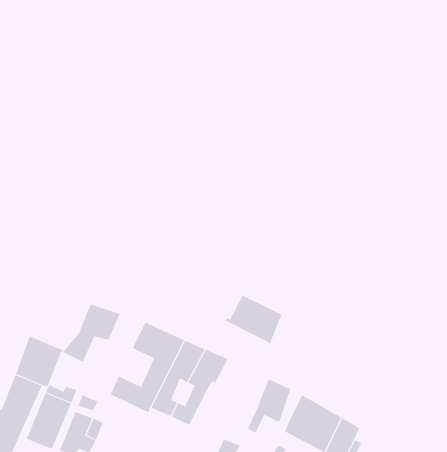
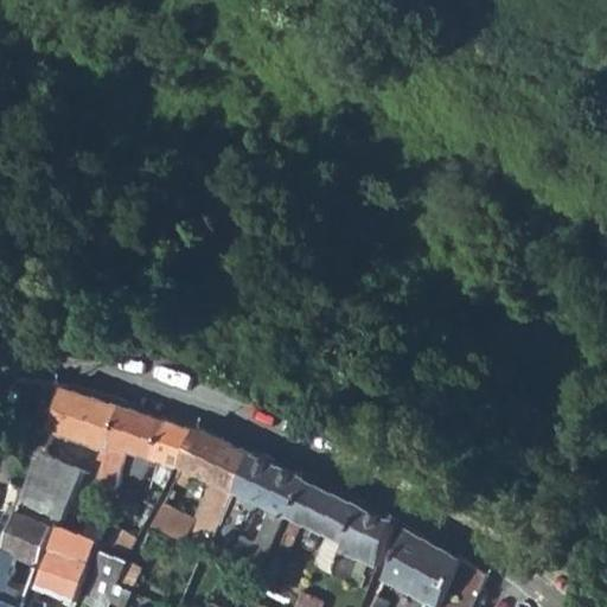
building: none -> [46,389,121,448]
building: [225,295,282,344] -> [282,481,359,547]
building: none -> [146,421,194,467]

